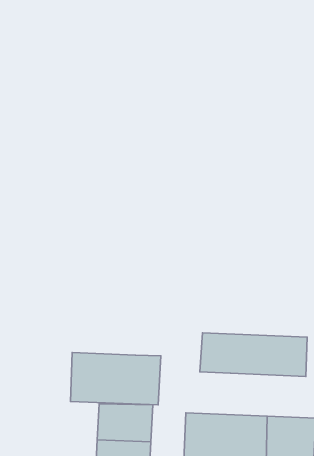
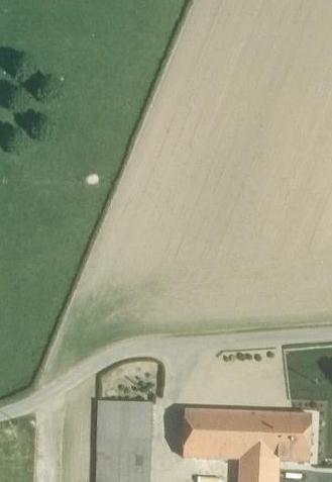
building: [200,333,307,377] -> none
building: [71,353,161,405] -> none

